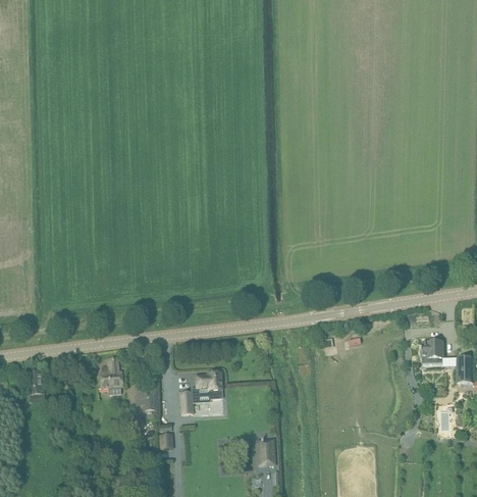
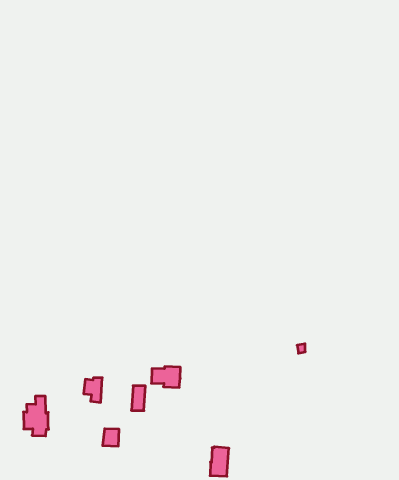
building: [99,356,123,393] -> [23,396,49,436]

